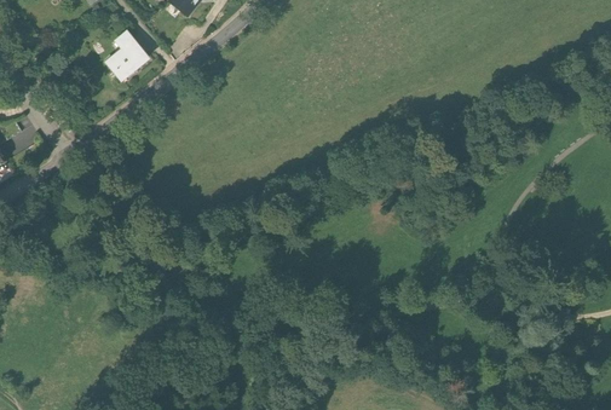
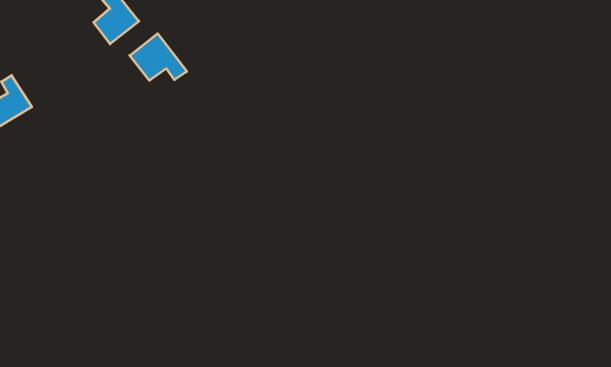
building: none -> [130,34,187,80]

